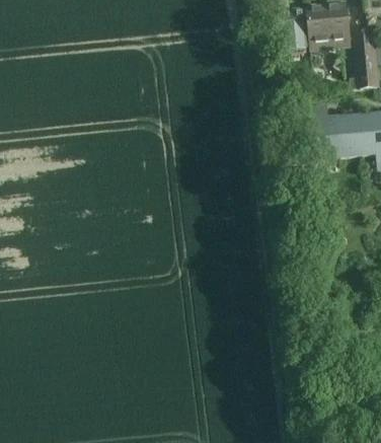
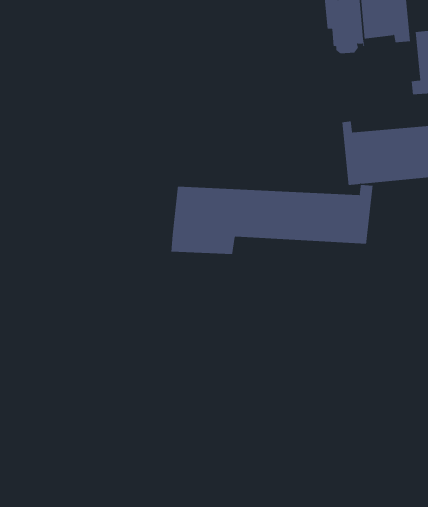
building: none -> [171,184,373,255]

